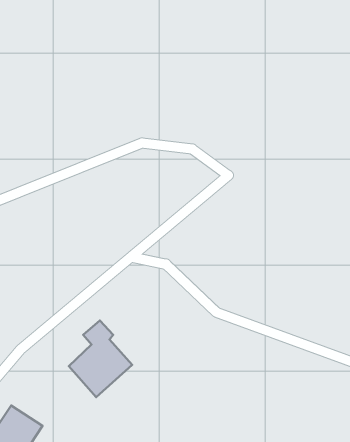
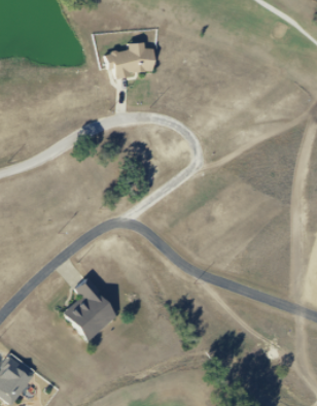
building: none -> [108,44,154,80]

